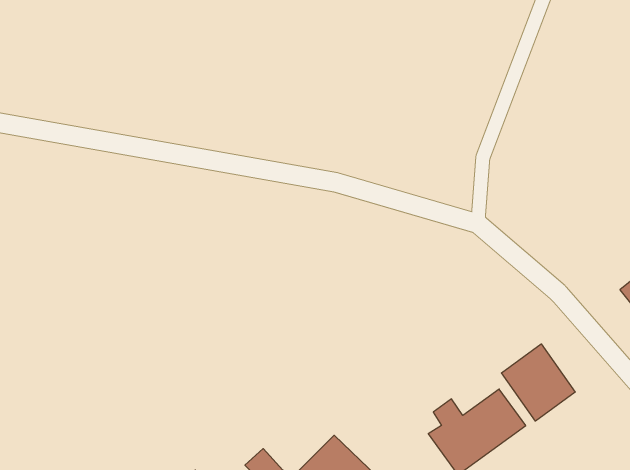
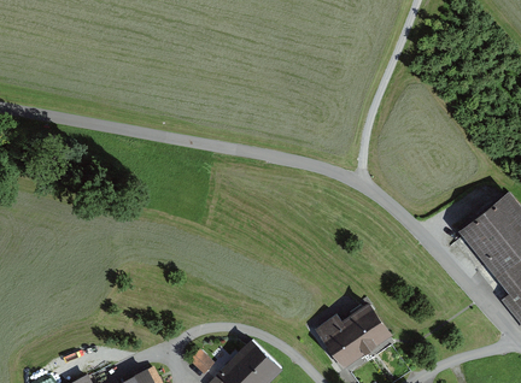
building: [501,344,575,421] -> none

